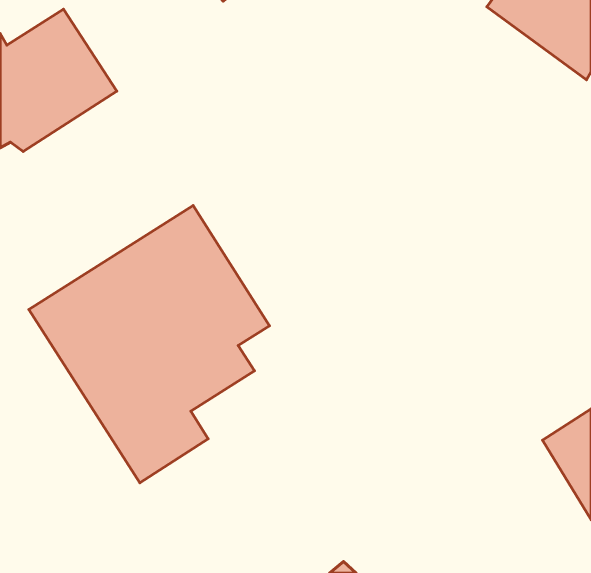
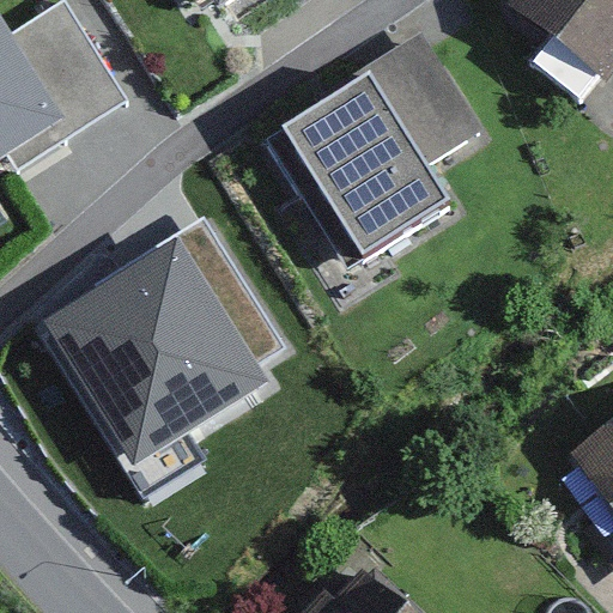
building: none -> [273,23,486,271]

